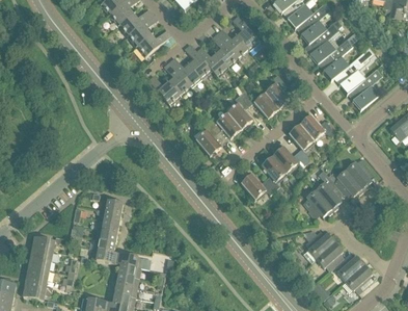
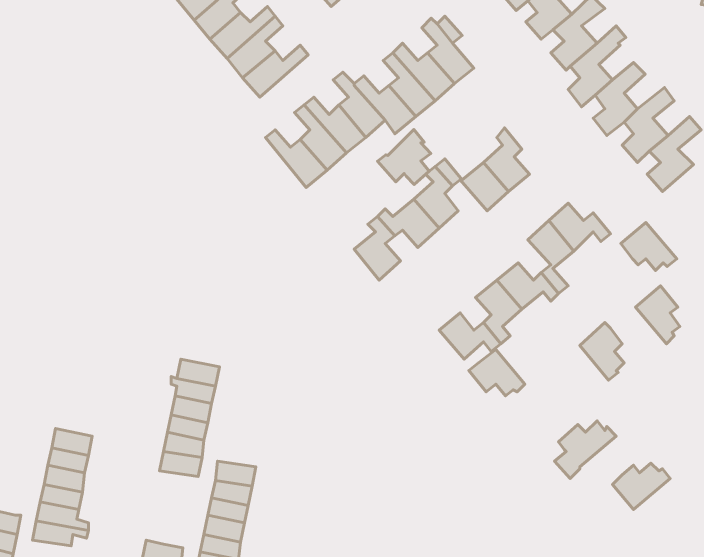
building: none -> [377,129,431,184]
building: [333,171,363,197] -> [621,222,677,271]
building: [302,191,332,216] -> [469,349,525,396]
building: [317,240,343,270] -> none
building: [346,263,372,293] -> none

